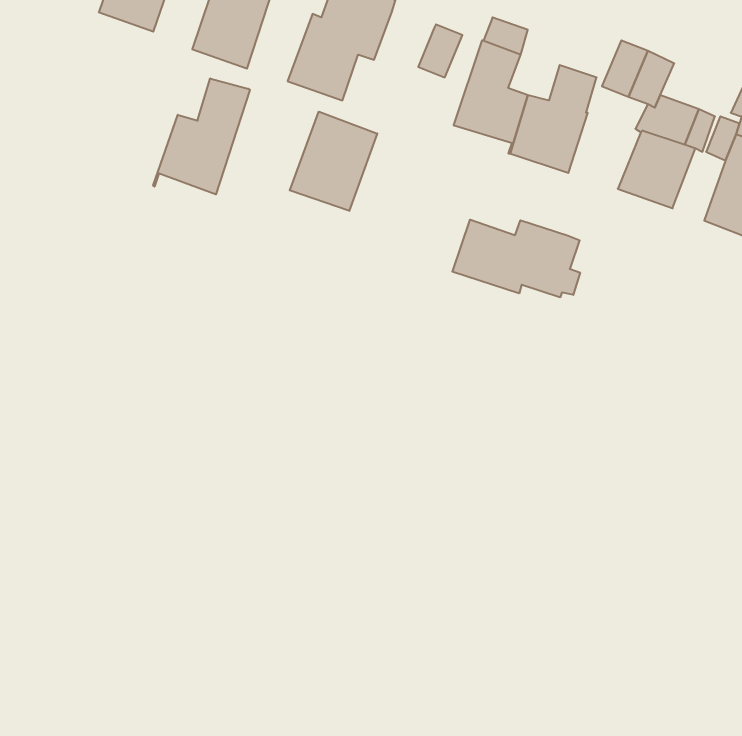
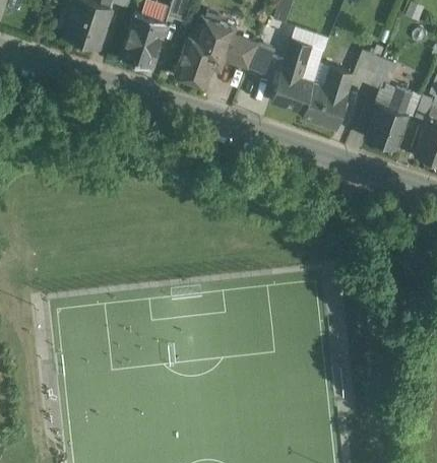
building: none -> [226,36,259,69]
building: [153,78,250,194] -> none
building: [290,112,377,211] -> none
building: [452,220,580,297] -> none

